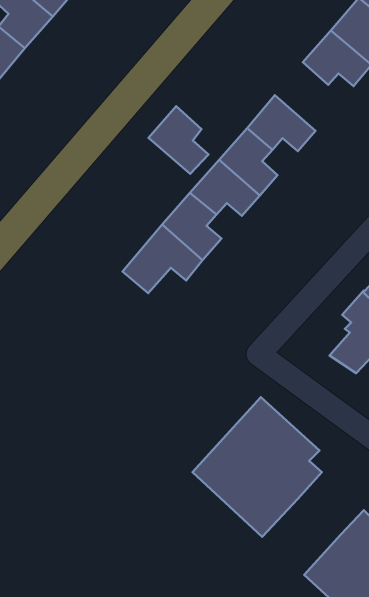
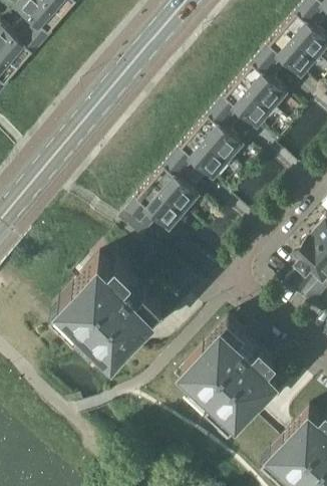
building: none -> [239,57,285,111]
building: [149,106,208,174] -> none
building: none -> [51,260,161,362]

